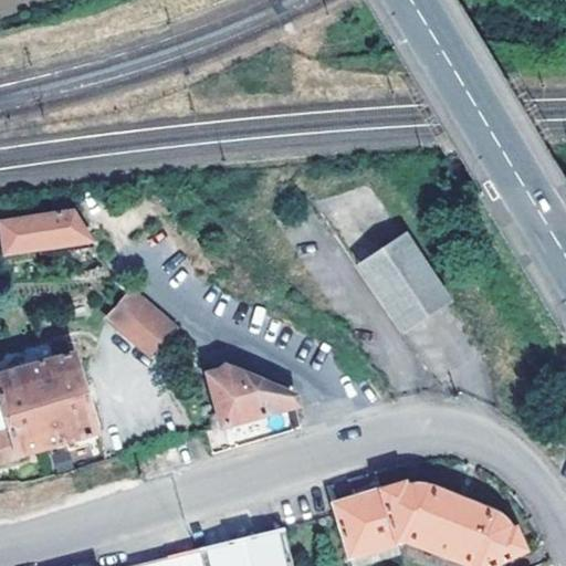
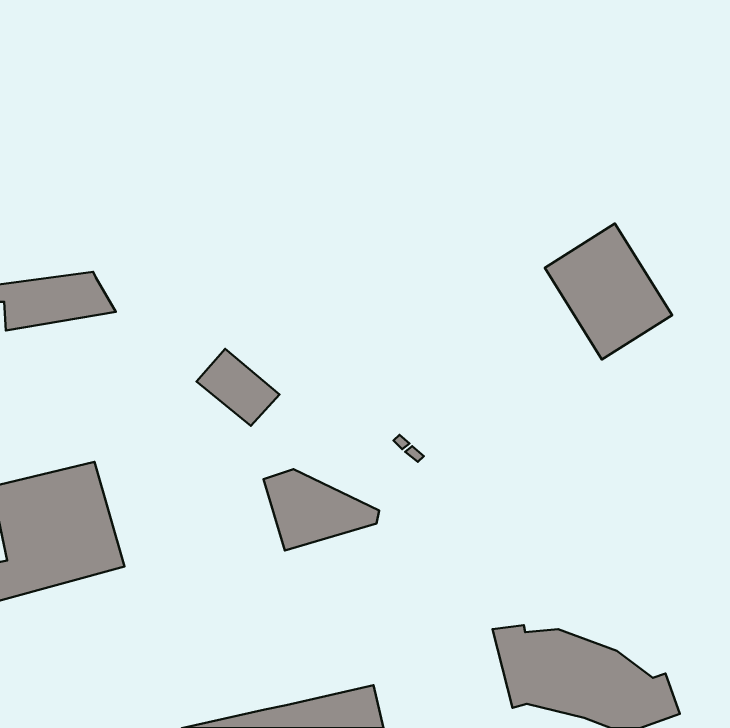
building: [354,228,452,333] -> [545,224,672,359]
building: [109,292,174,352] -> [196,349,279,426]
building: [335,486,396,555] -> none

